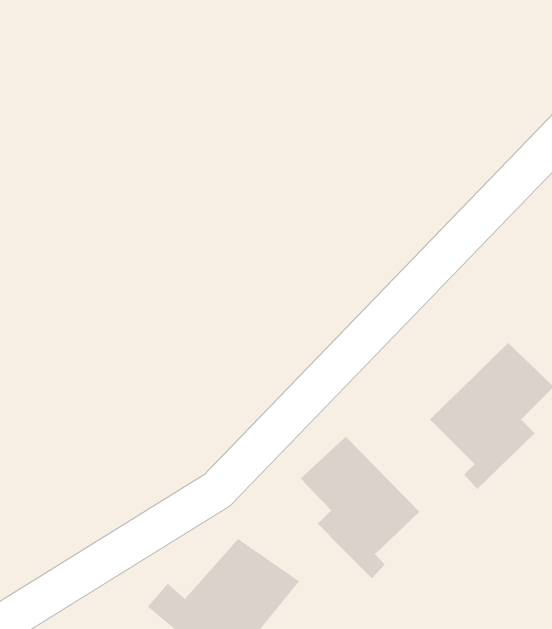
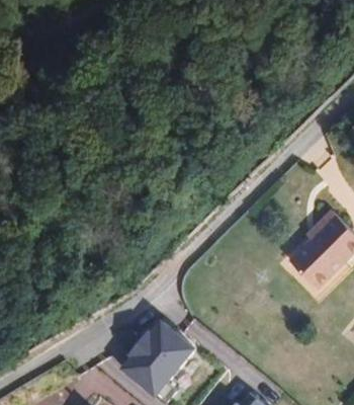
building: [300,436,420,579] -> none

